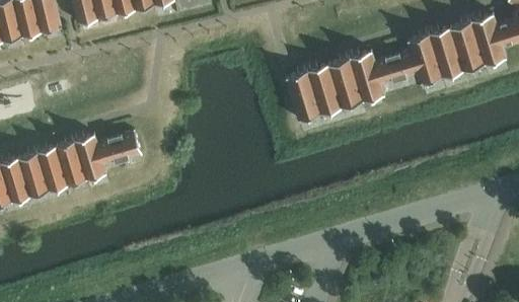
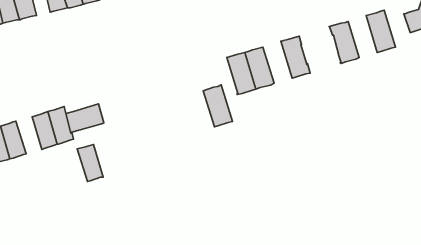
building: [472,15,507,66] -> none
building: [430,28,464,78] -> none
building: [374,52,419,86] -> none
building: [329,59,364,108] -> [203,85,232,127]
building: [39,148,69,192] -> [77,145,103,182]

